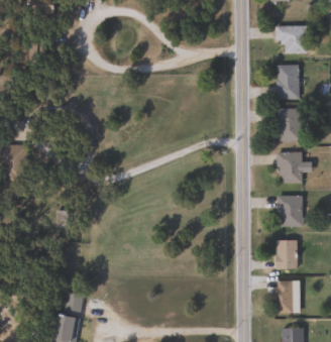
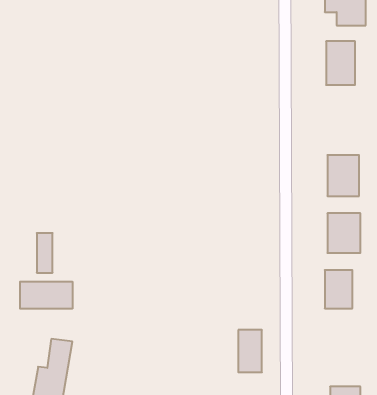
building: [279,107,302,140] -> none
building: none -> [20,282,72,309]
building: [274,280,293,313] -> [238,330,262,372]

